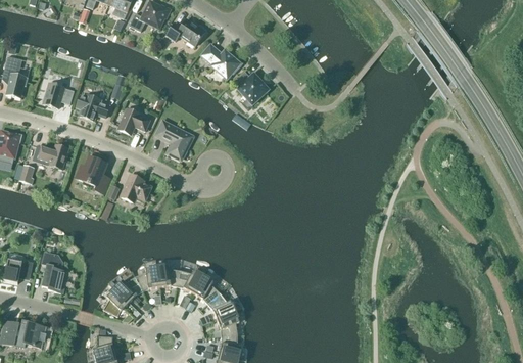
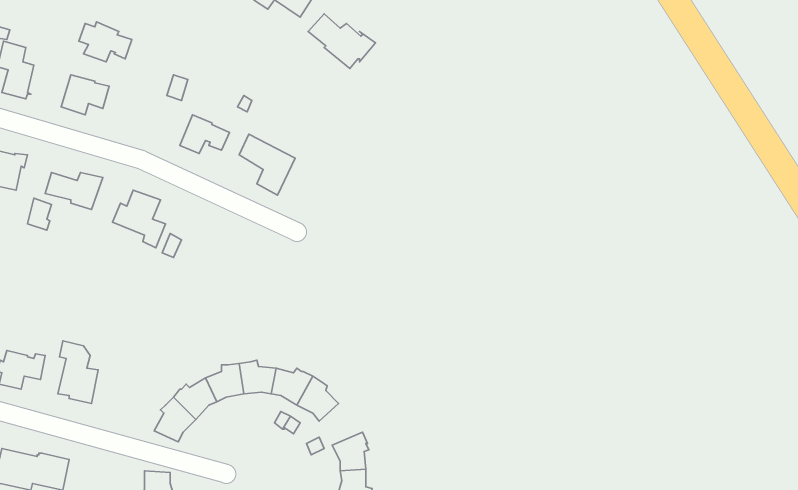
building: [237,72,269,103] -> none
building: [76,93,109,119] -> [79,22,132,62]
building: [120,173,151,201] -> none
building: [207,291,235,318] -> none

